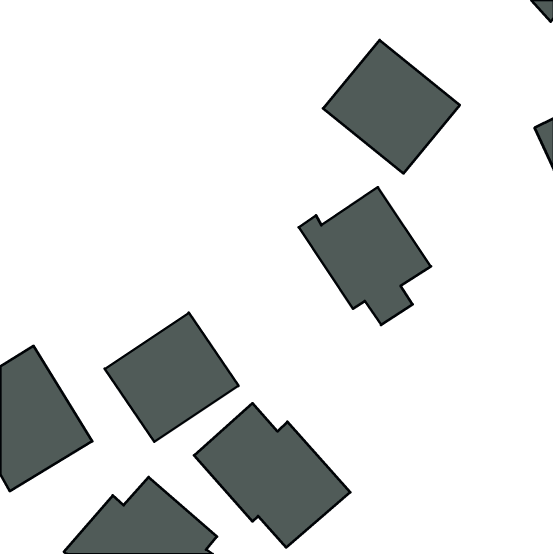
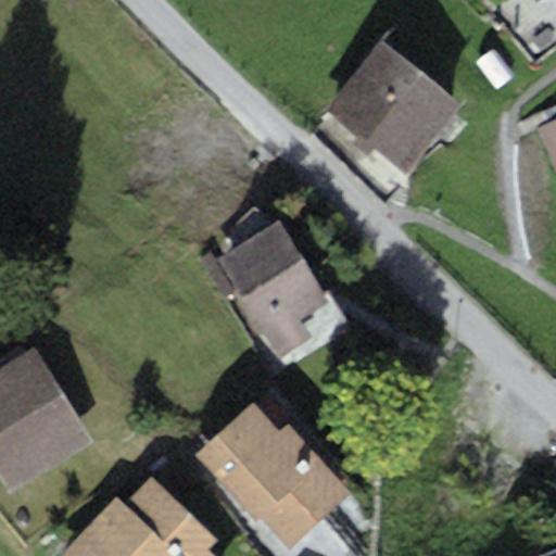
building: [299,187,431,325] -> [198,219,330,357]
building: [105,313,238,442] -> none

